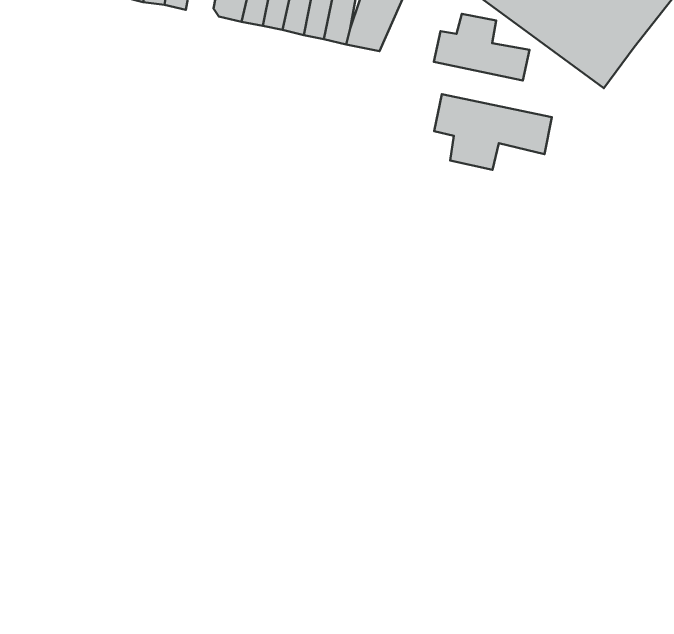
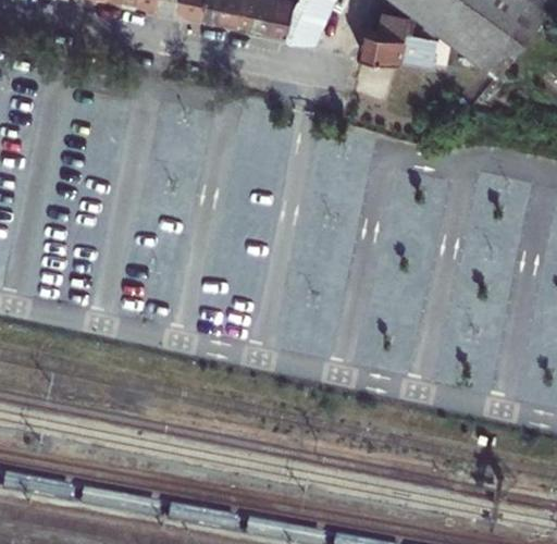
building: [434,94,552,170] -> none

